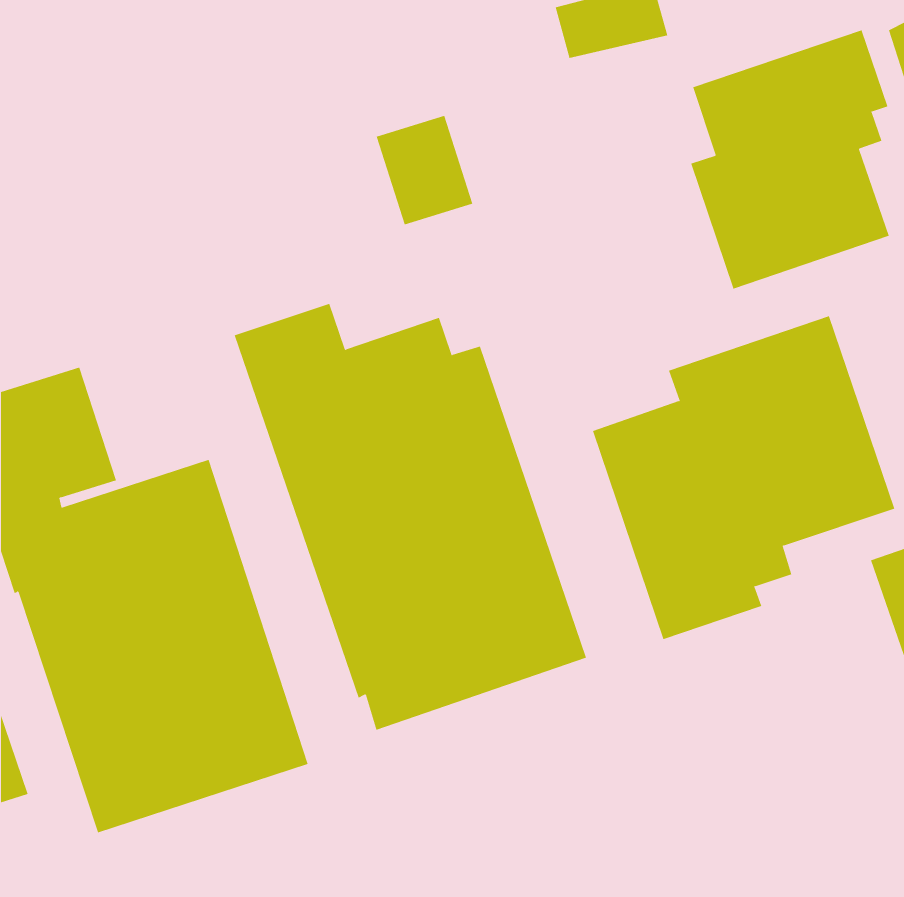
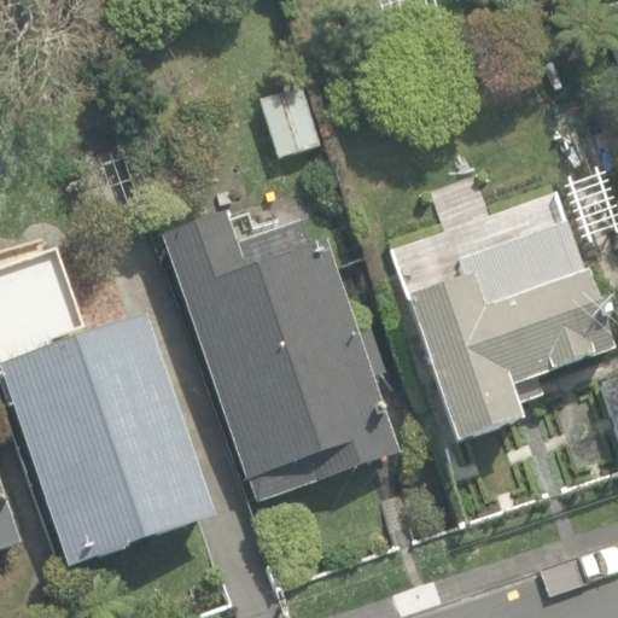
building: [691,29,890,289] -> none

